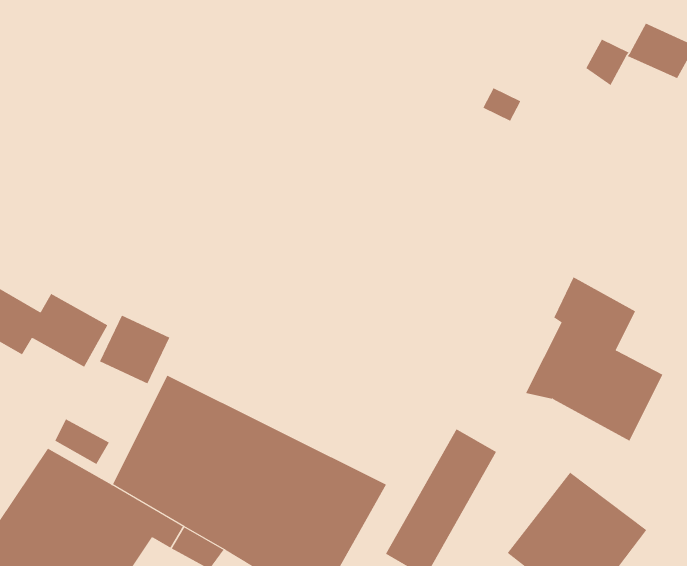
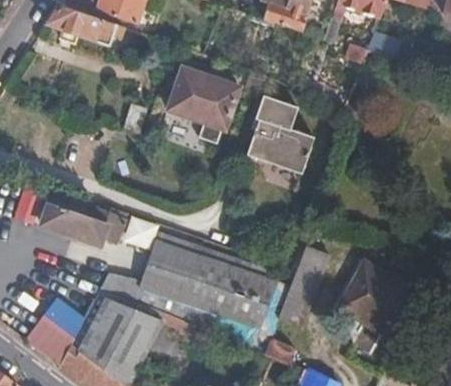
building: none -> [168,65,238,131]
building: [525,277,663,442] -> [246,91,314,170]

